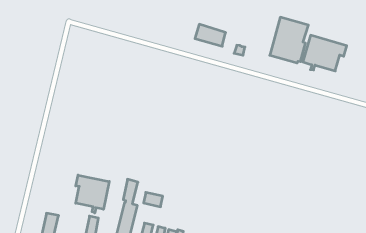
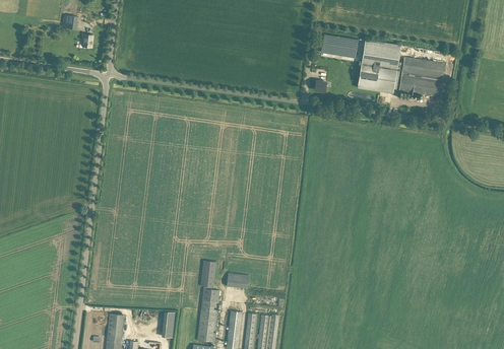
building: [195,24,226,46] -> [321,33,358,57]
building: [76,175,109,213] -> none

